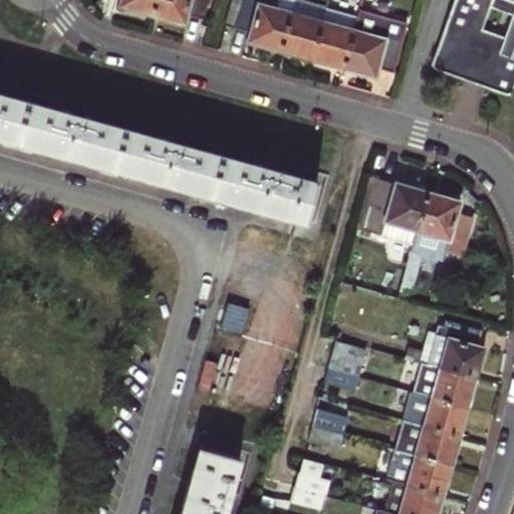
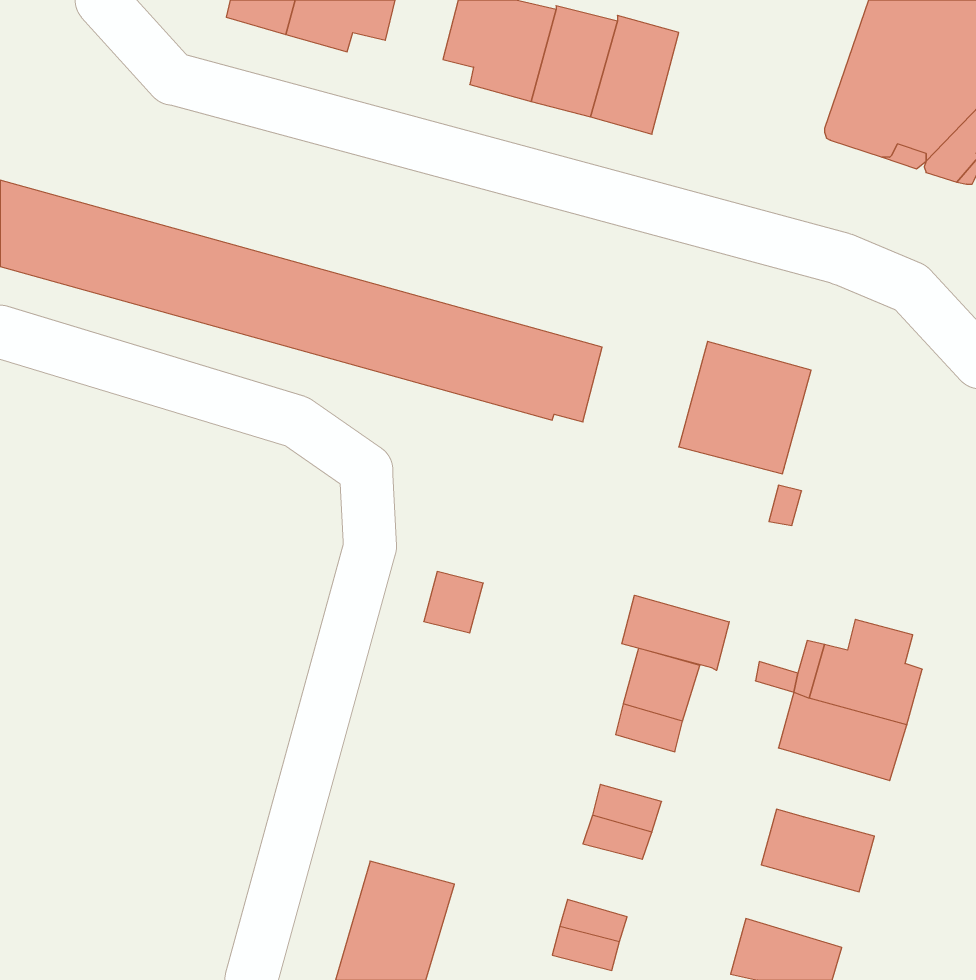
building: [343,12,407,78] -> none
building: [413,194,472,258] -> none
building: none -> [622,595,729,670]
building: [423,398,468,438] -> none
building: [393,453,452,496] -> none

